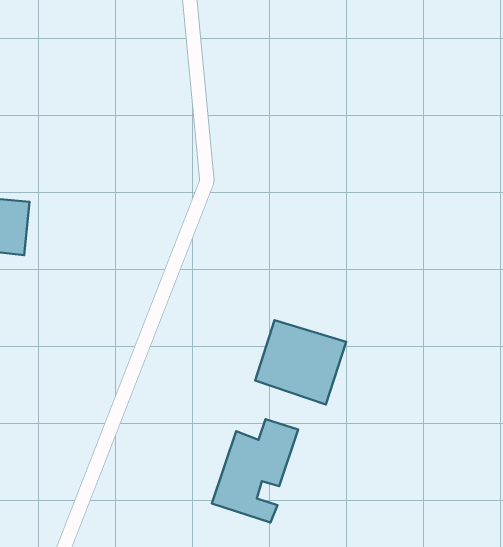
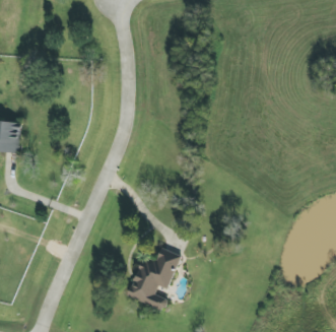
building: [255,320,346,404] -> none

